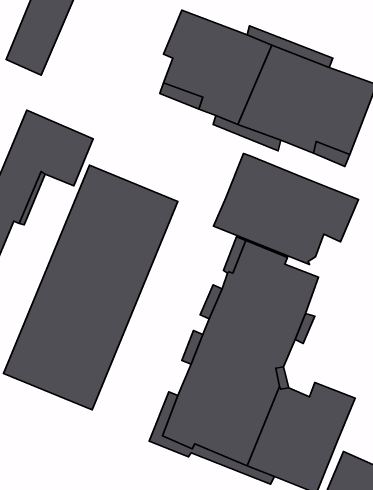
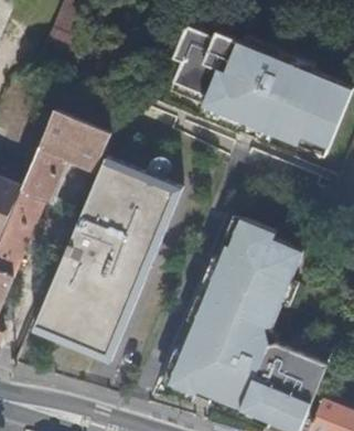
building: [213,154,359,265] -> none

